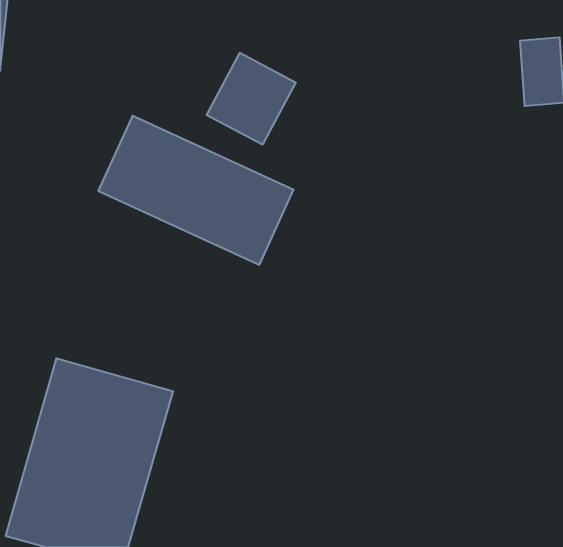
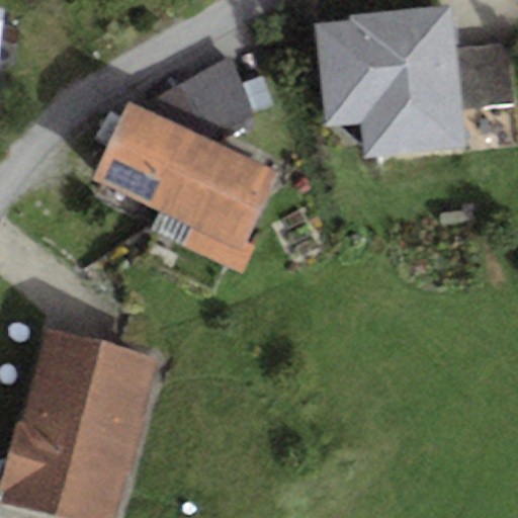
building: none -> [314,9,462,157]

